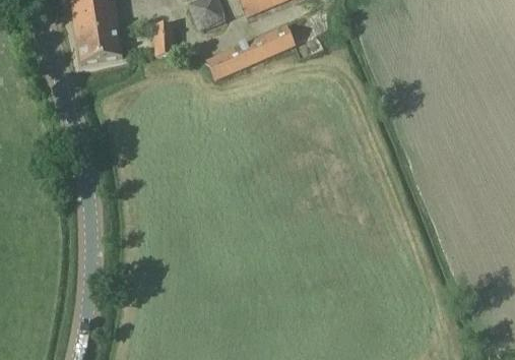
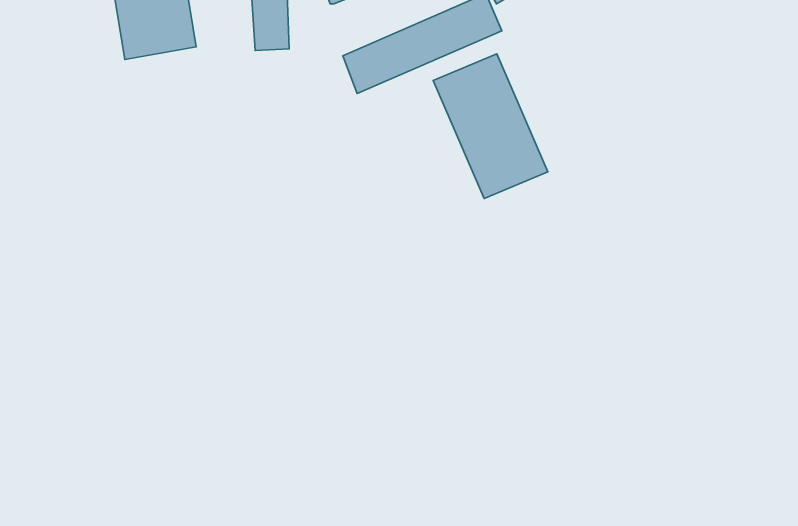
building: none -> [433,54,548,198]

